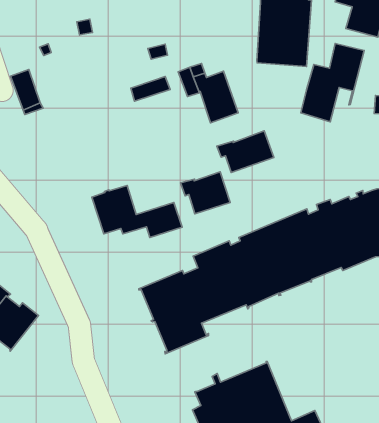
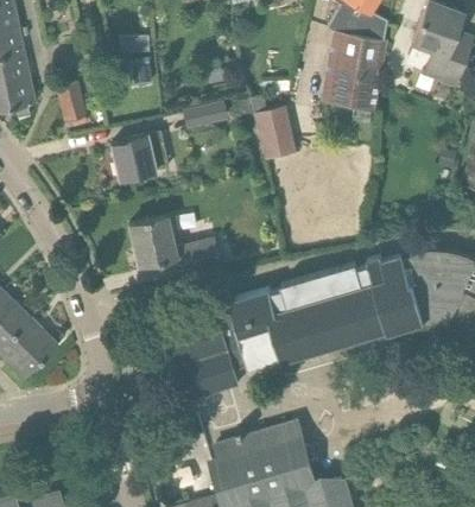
building: [301,43,364,122] -> none
building: none -> [110,134,166,179]
building: [217,131,274,172] -> none
building: [181,172,230,214] -> none

